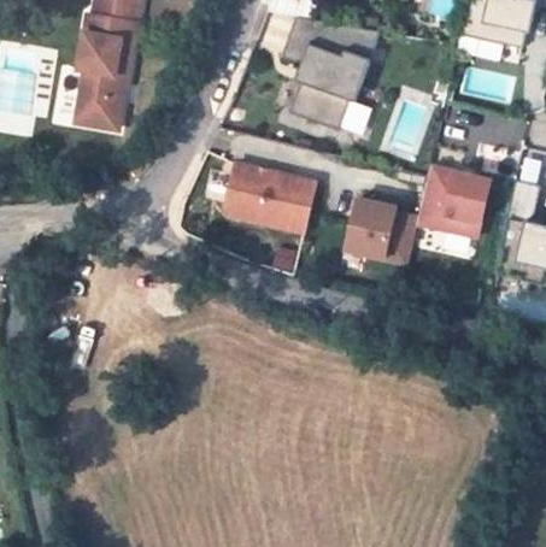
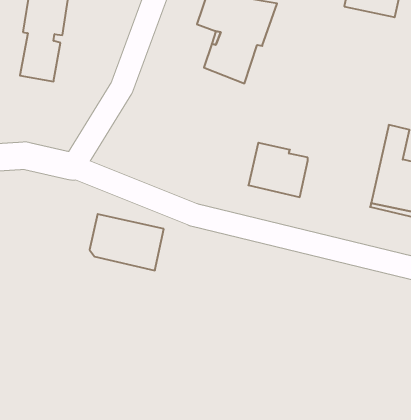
building: [227,165,317,234] -> [90,214,164,270]
building: [419,165,492,235] -> none

